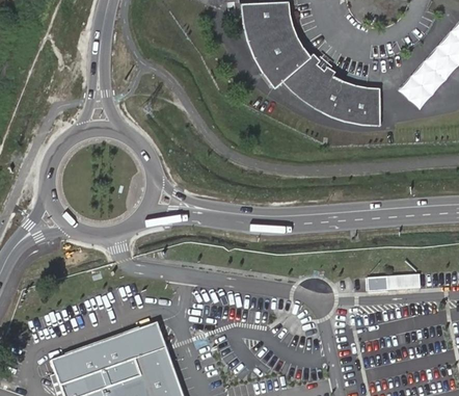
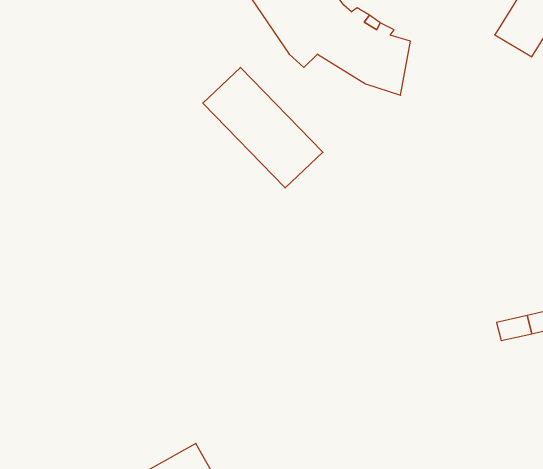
building: none -> [203,67,323,188]
building: [331,83,379,127] -> none

